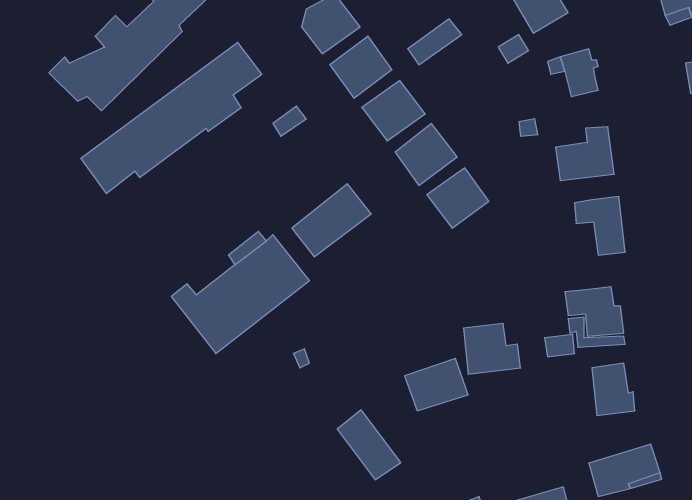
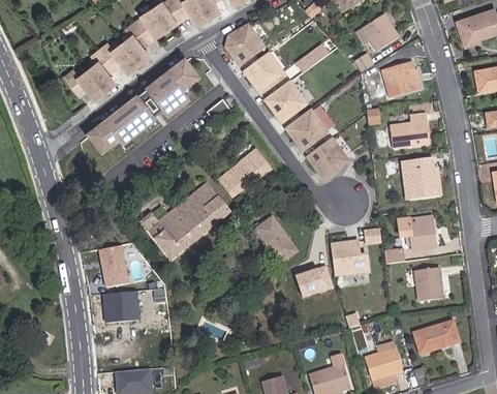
building: none -> [100,244,128,284]
building: none -> [102,290,141,321]
building: [337,410,401,480] -> [256,217,298,263]

